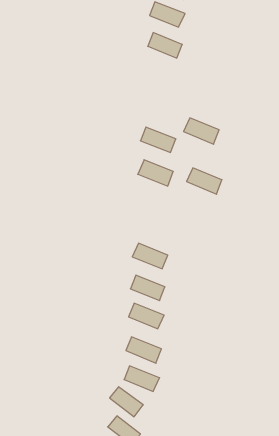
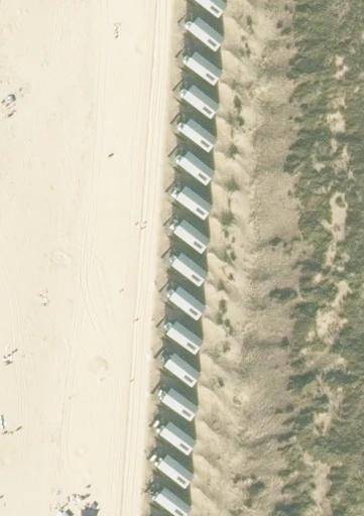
building: none -> [181,84,221,113]
building: [184,118,219,144] -> [178,119,218,148]
building: [187,168,222,194] -> [171,221,211,250]
building: none -> [169,253,209,281]

